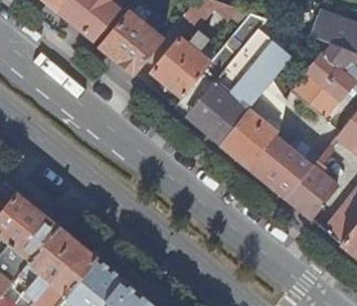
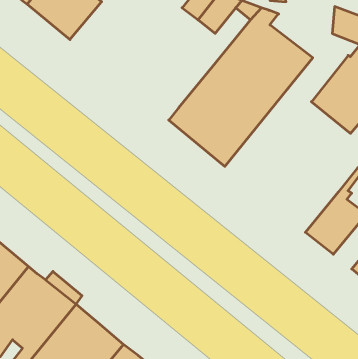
building: [101,11,163,73] -> none
building: [152,36,210,96] -> none
building: [220,80,285,167] -> none
building: [260,140,314,198] -> none

